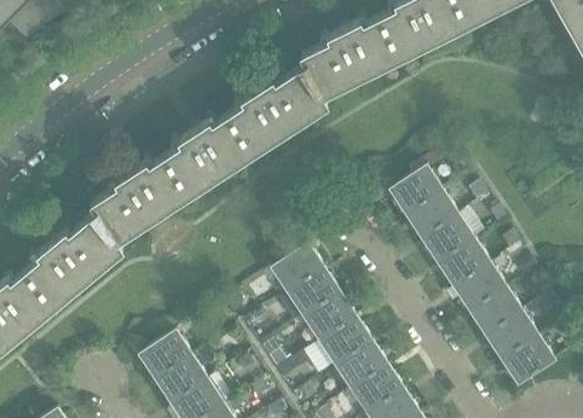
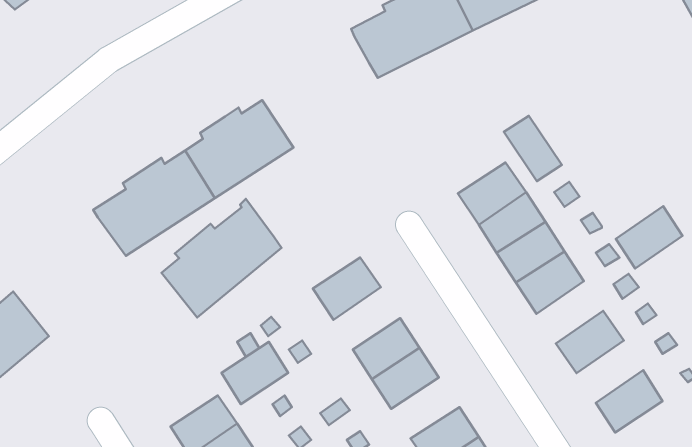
building: [230,64,329,155] -> none
building: none -> [504,116,562,181]
building: [27,211,125,308] -> [161,199,282,317]
building: [454,263,508,314] -> [616,206,683,268]
building: [288,268,342,319] -> none
building: [486,312,541,362] -> none
building: [139,331,194,382] -> [222,342,288,404]
building: [335,342,391,391] -> none

